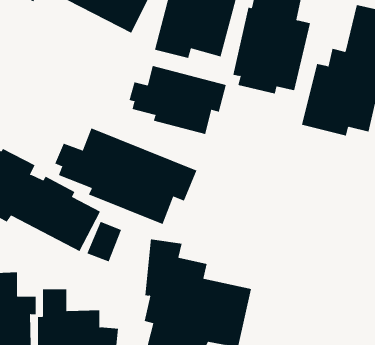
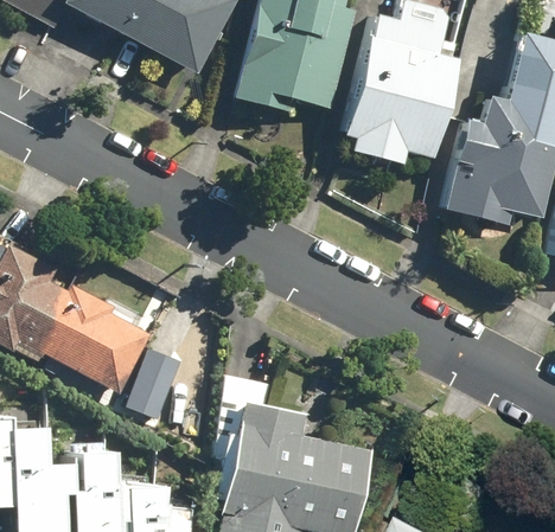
building: [129,65,227,135] -> none
building: [55,128,197,225] -> none

